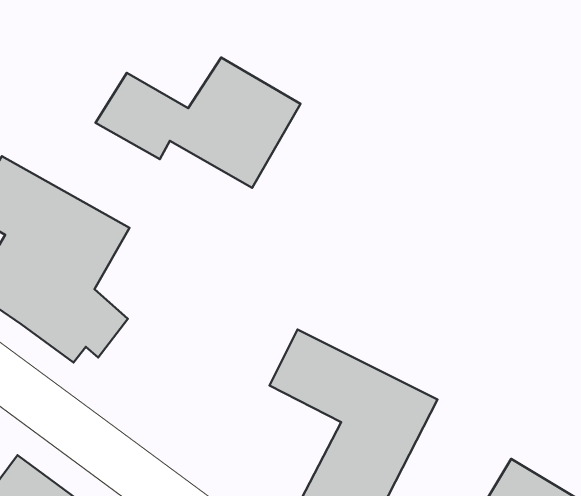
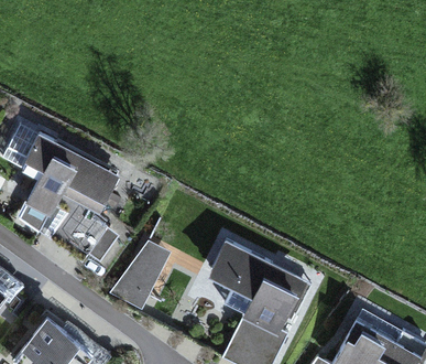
building: [95,58,301,188] -> none
building: none -> [110,240,170,306]

